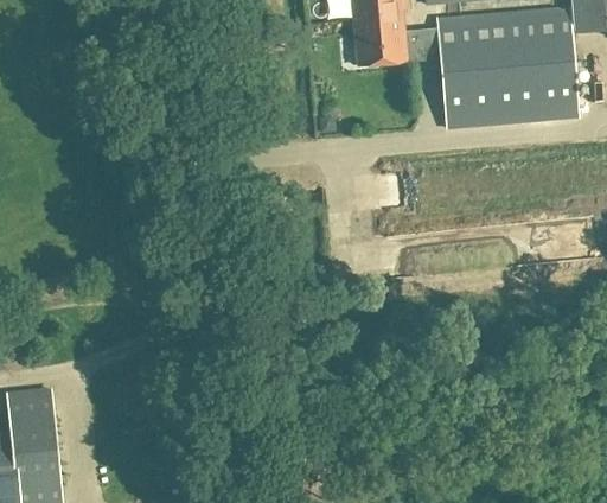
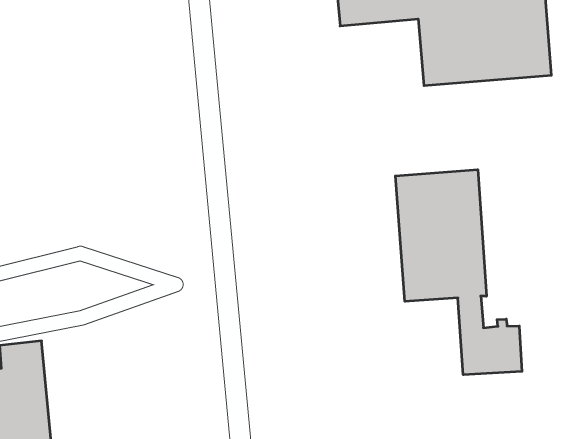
building: none -> [395,170,522,375]

